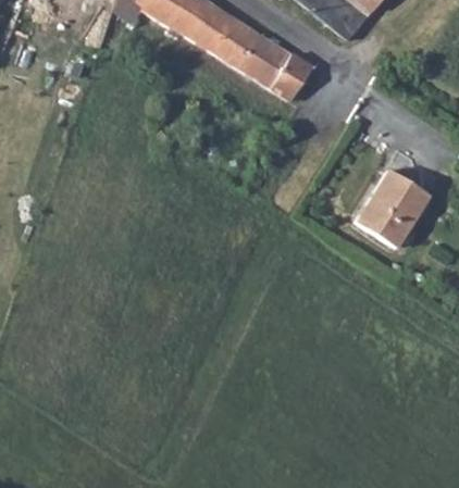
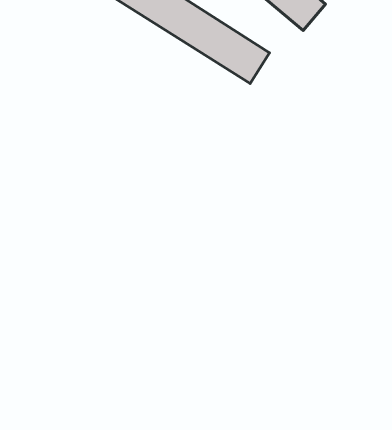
building: [356,172,426,247] -> none

